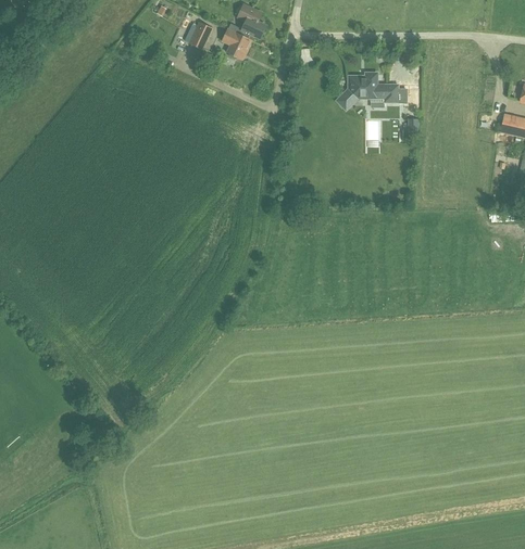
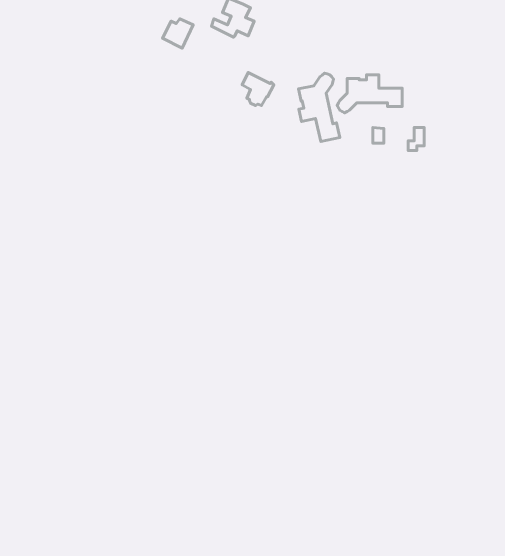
building: [223,28,251,58] -> [242,73,274,106]
building: none -> [298,73,340,142]

